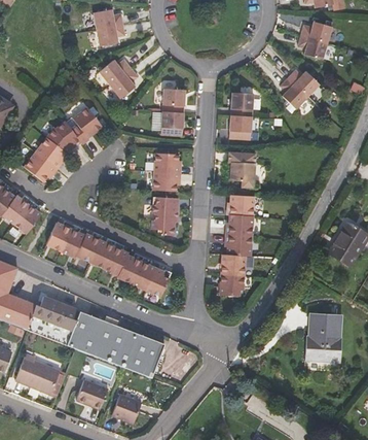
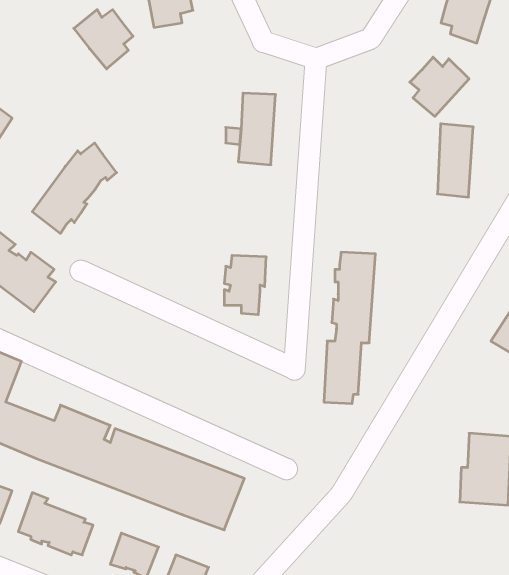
building: [106,57,145,96] -> [74,10,133,69]
building: [229,92,253,140] -> [437,124,473,197]
building: [71,106,103,143] -> none
building: [153,153,181,191] -> none
building: [227,154,255,188] -> none
building: [46,221,171,296] -> none

